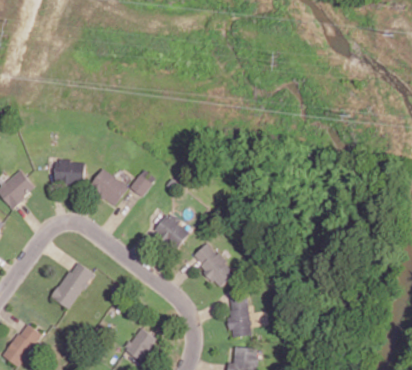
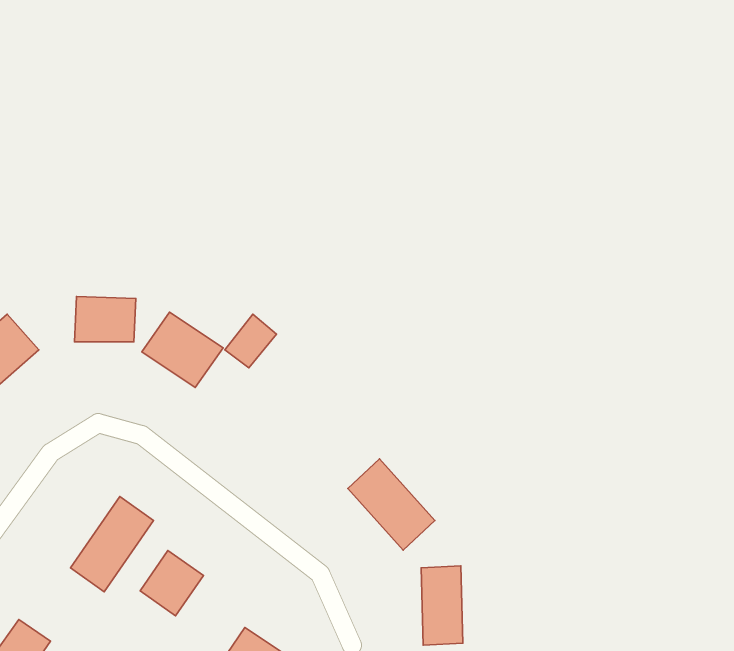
building: [154,212,190,248] -> none
building: none -> [140,551,203,616]

